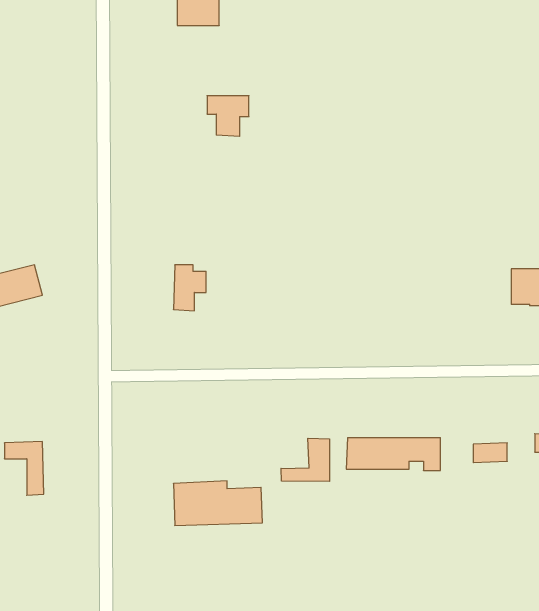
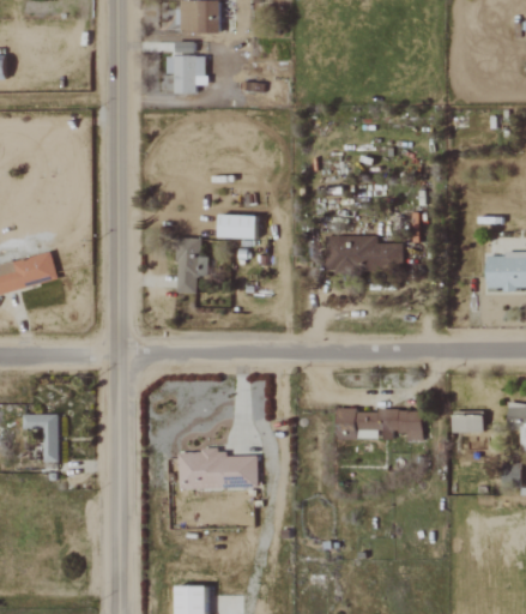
building: [207,96,249,136] -> [167,56,205,94]
building: none -> [218,215,256,239]
building: none -> [325,236,404,270]
building: [281,438,329,481] -> none

